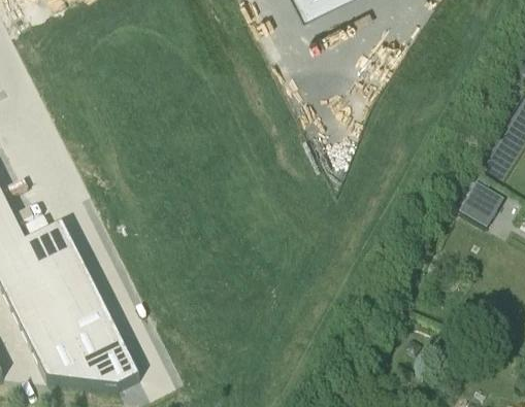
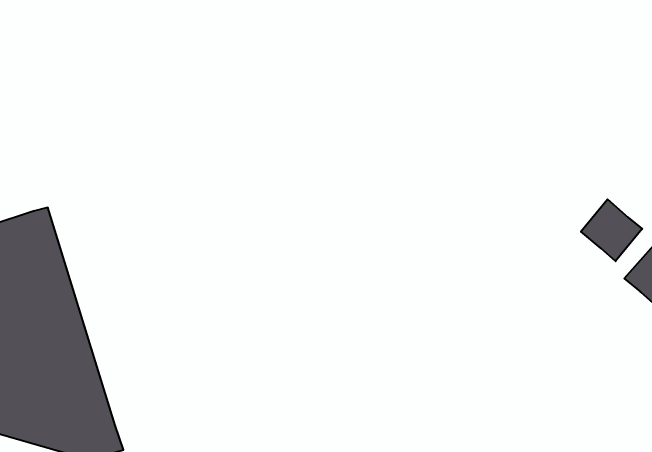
building: none -> [581,199,642,261]

